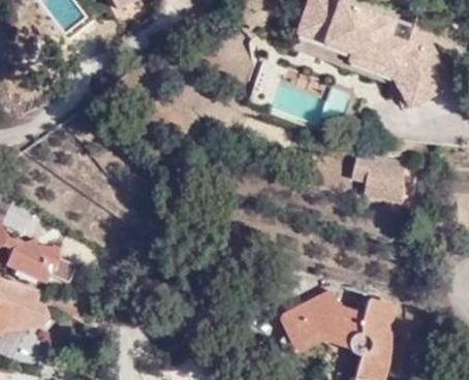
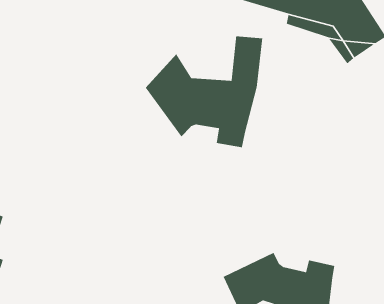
building: none -> [145,35,263,148]
building: [353,151,407,209] -> none

